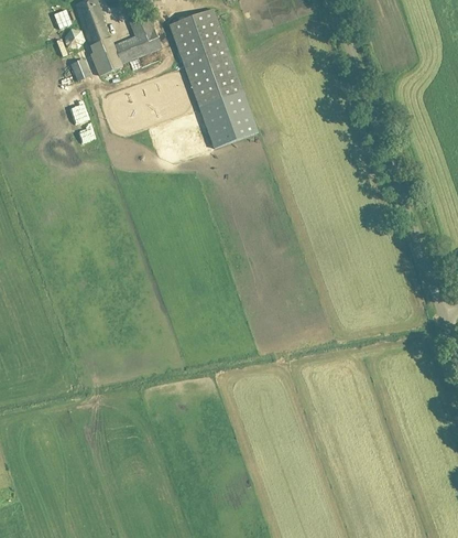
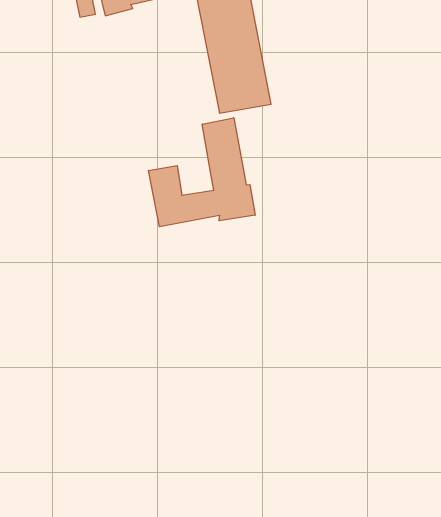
building: none -> [149,118,255,227]

